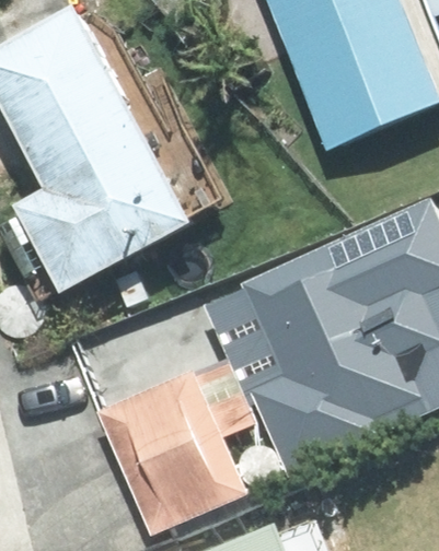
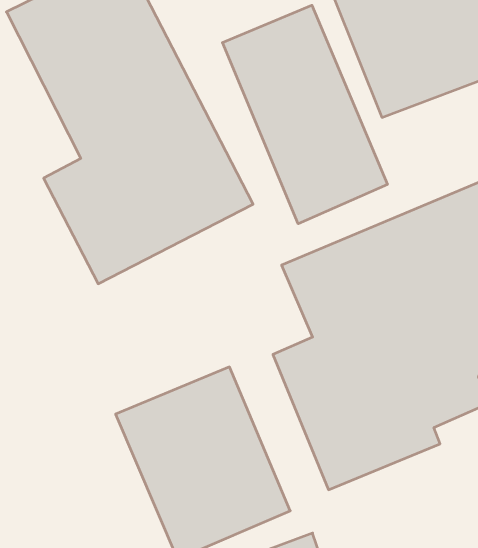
building: none -> [222,5,387,224]

